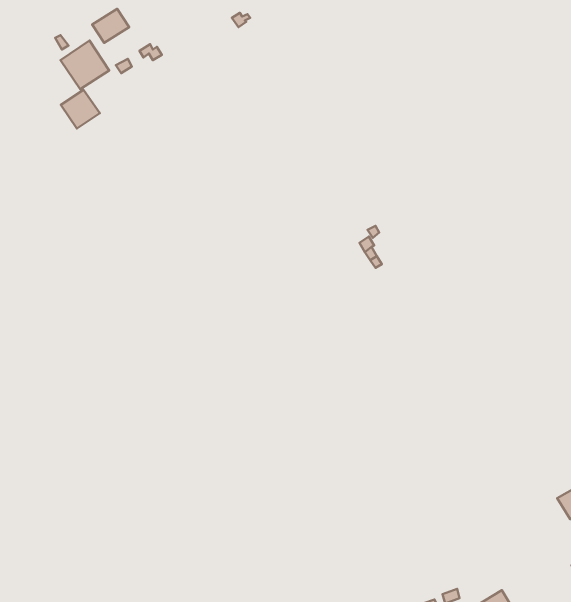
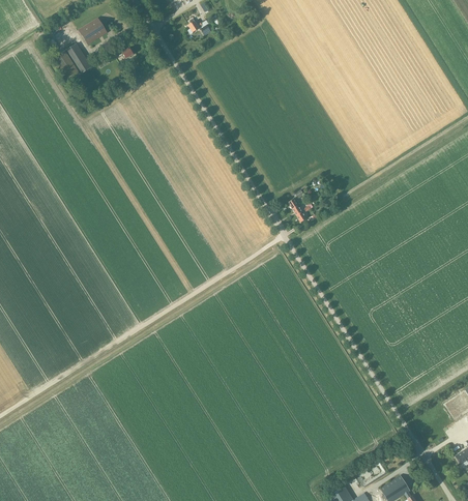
building: [61,90,100,129] -> none

